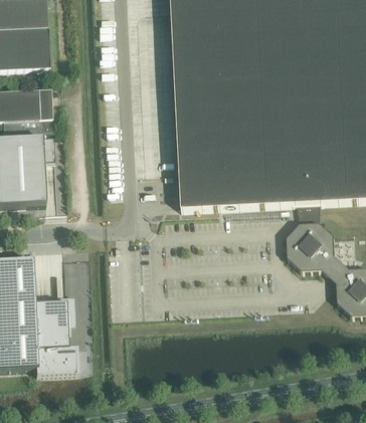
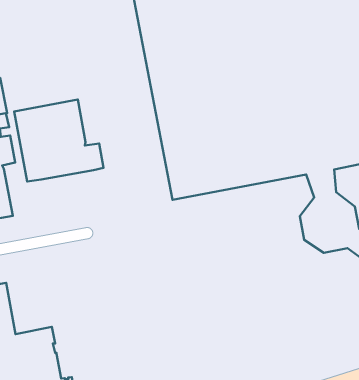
building: none -> [14,99,104,182]

